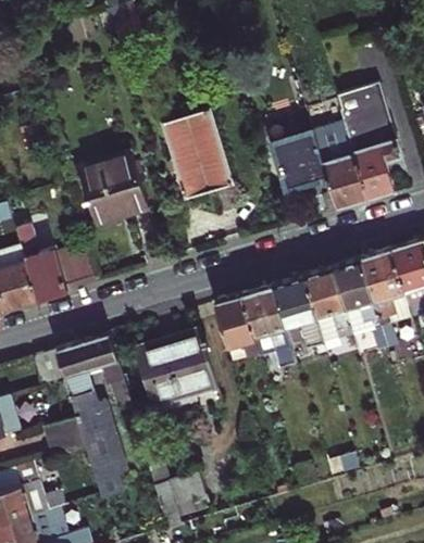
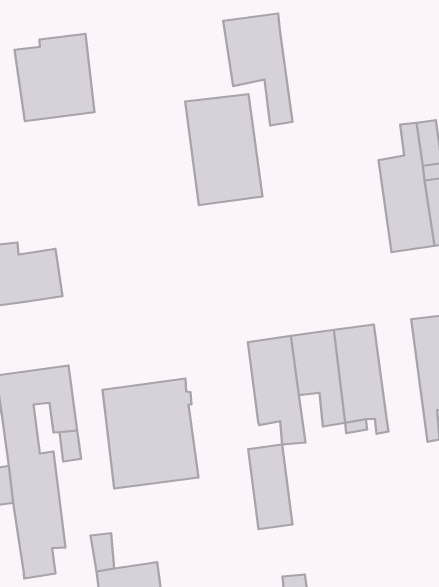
building: [272,131,336,216] -> [223,14,293,125]
building: [79,153,147,226] -> [15,34,95,121]
building: [332,258,386,351] -> none
building: [214,295,257,362] -> [248,445,292,529]

